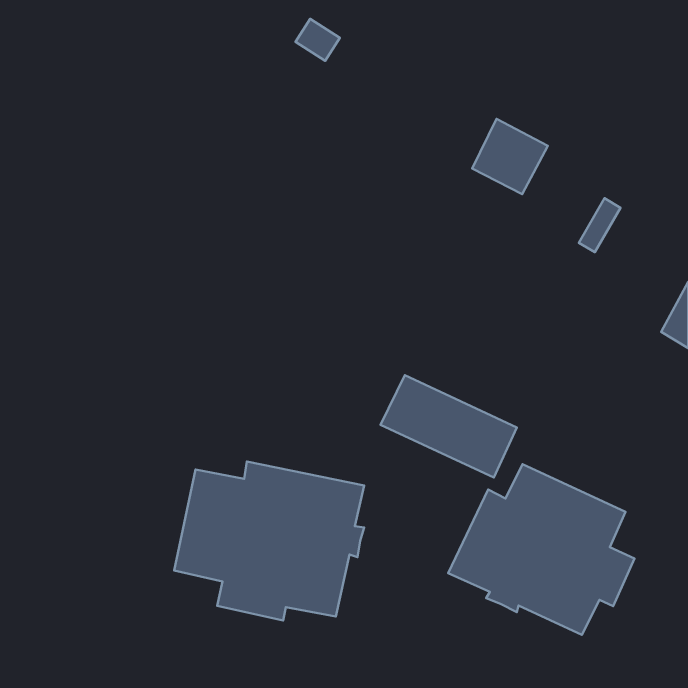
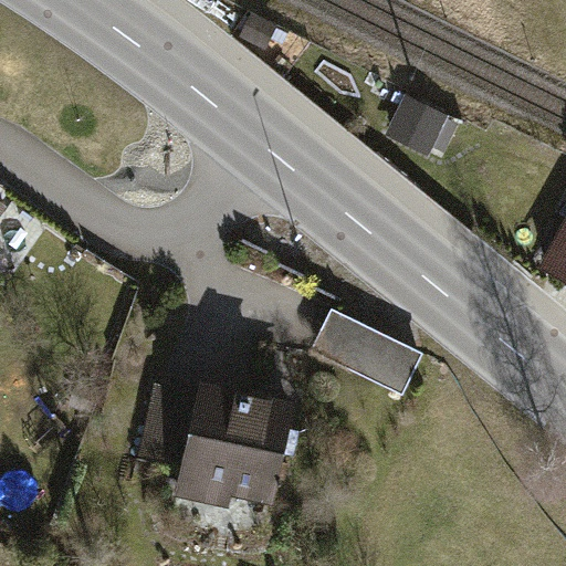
building: [448,464,635,635] -> none

